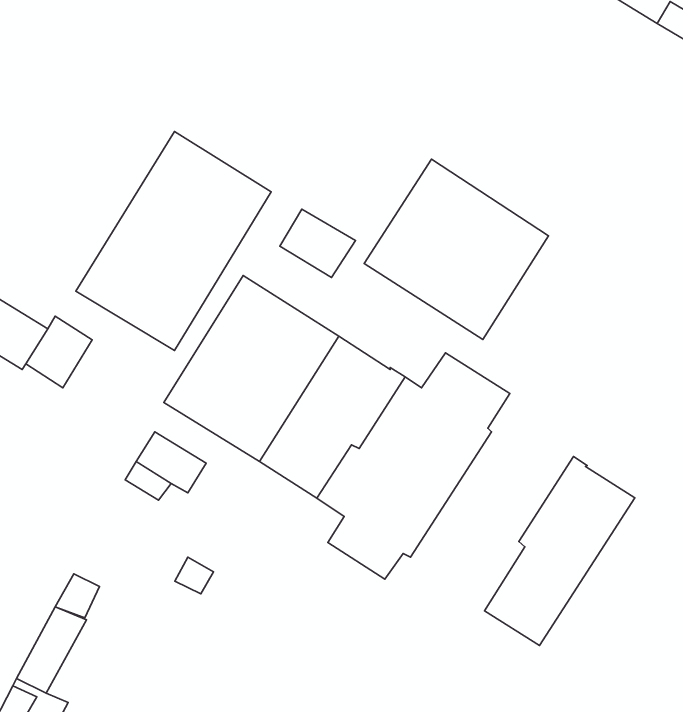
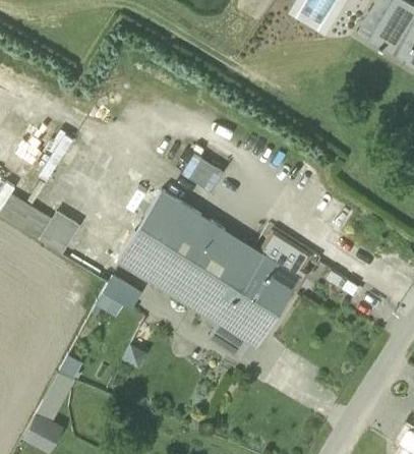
building: [76,131,271,351] -> none
building: [364,159,549,339] -> none
building: [484,456,635,646] -> none

